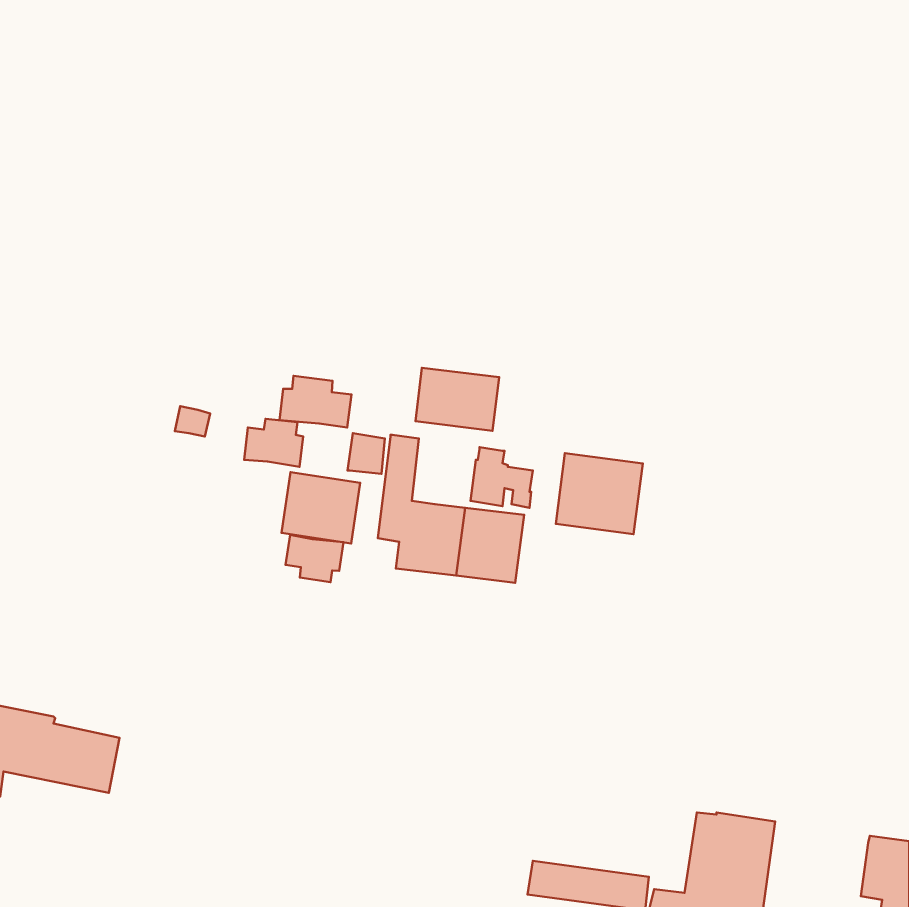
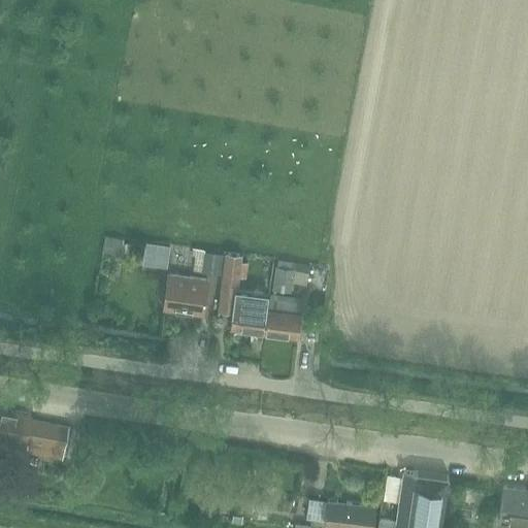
building: [415,368,499,431] -> none
building: [280,376,351,428] -> none
building: [556,453,643,534] -> none
building: [285,535,344,582] -> none

